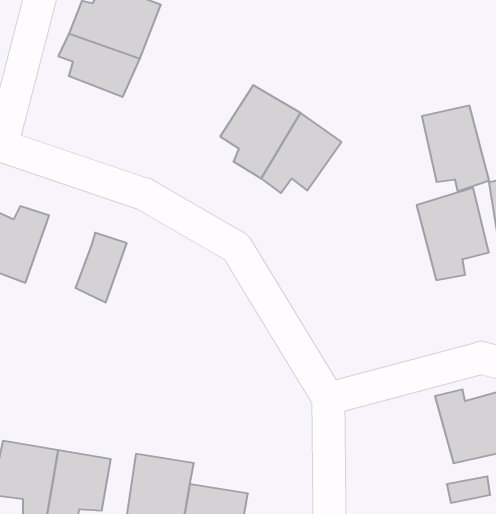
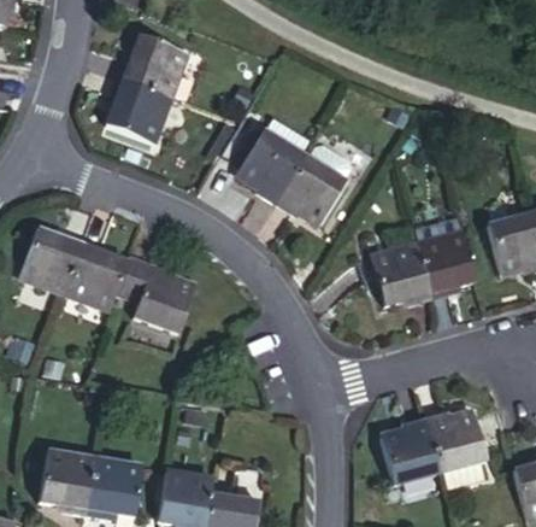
building: [422,106,489,191] -> [376,233,437,311]
building: none -> [61,242,122,320]
building: none -> [131,268,190,351]
building: none -> [385,408,453,484]

